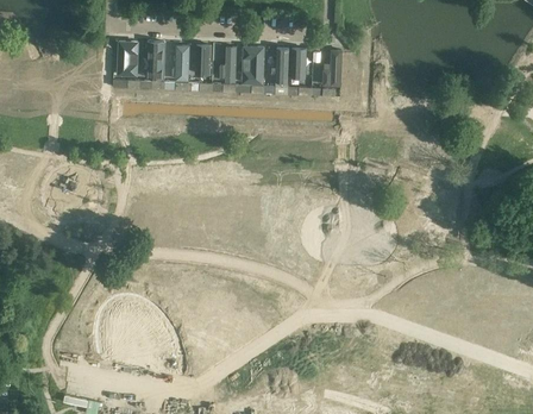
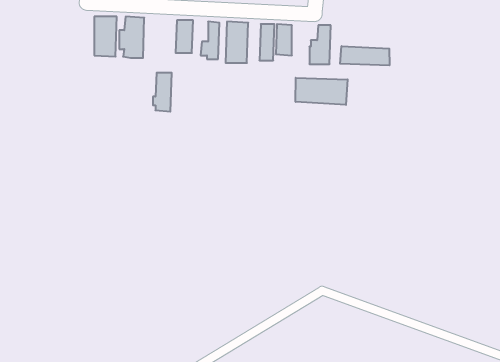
building: [171,49,189,86] -> [153,73,172,112]
building: none -> [340,46,389,65]
building: none -> [296,78,348,105]

